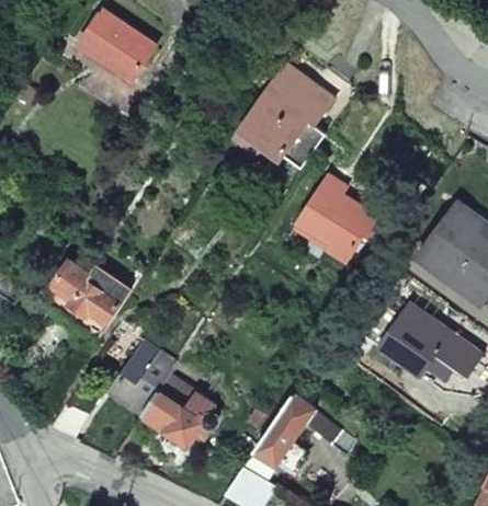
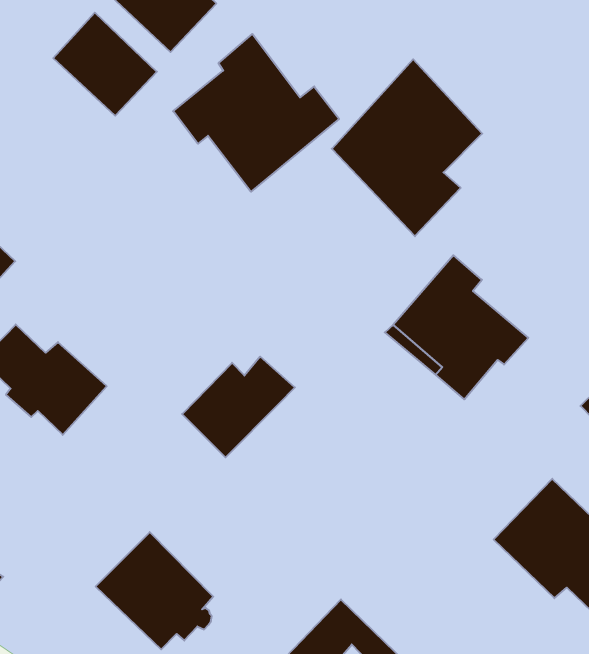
building: none -> [173,34,339,192]
building: none -> [53,13,157,116]
building: [111,348,177,413] -> [182,357,295,457]

